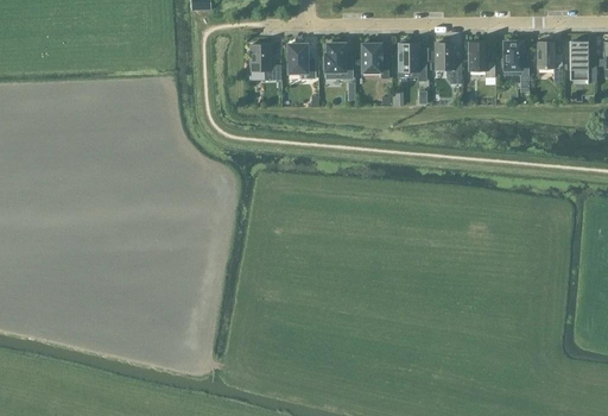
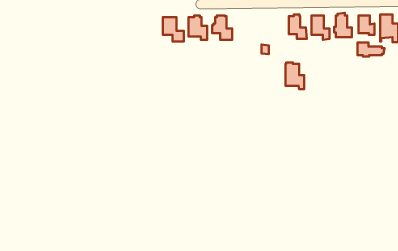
building: [398,40,425,80] -> [285,62,304,89]
building: [361,43,388,78] -> none
building: none -> [358,43,385,56]

